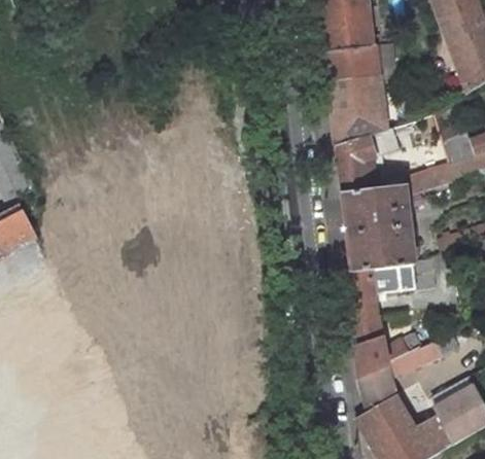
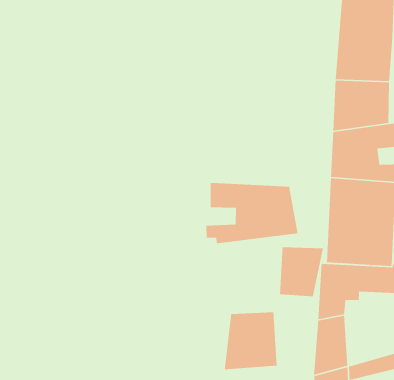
building: none -> [206,182,298,244]
building: none -> [279,246,324,297]
building: none -> [224,311,277,370]

